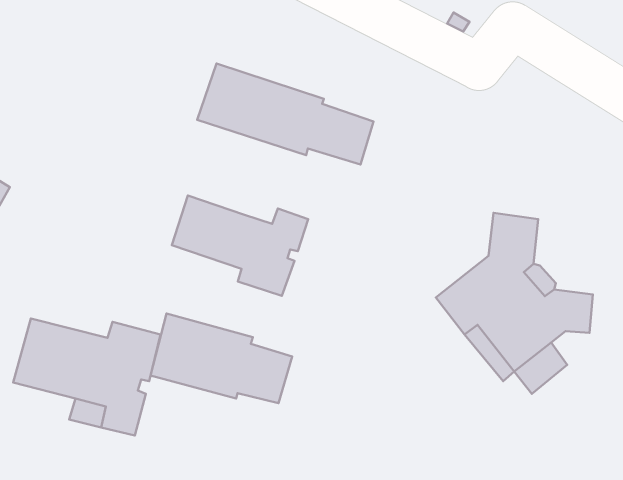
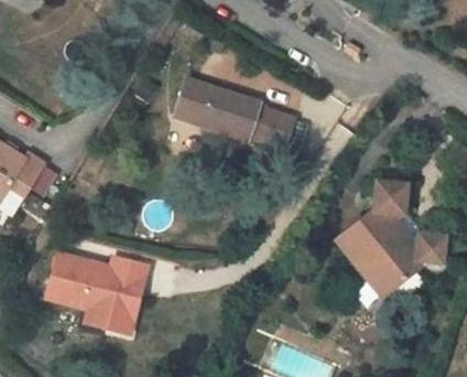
building: [172,196,308,296] -> none
building: [150,314,292,403] -> none

